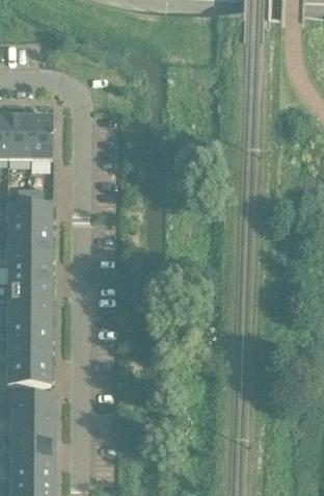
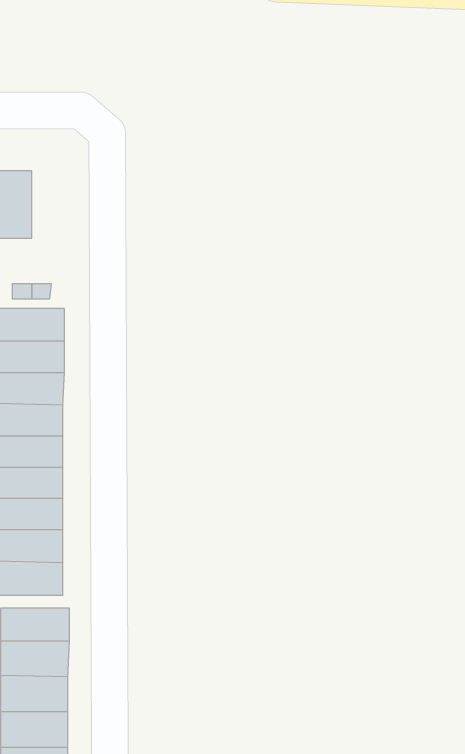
building: [31,115,52,158] -> none

